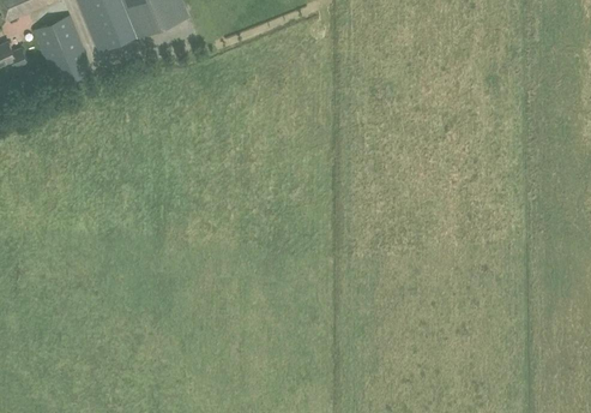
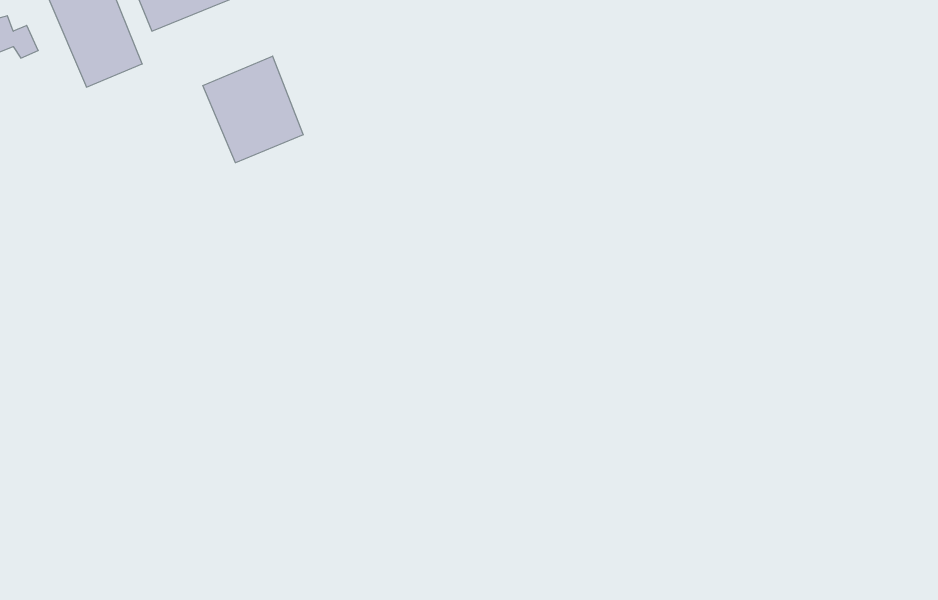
building: none -> [203,56,303,163]

